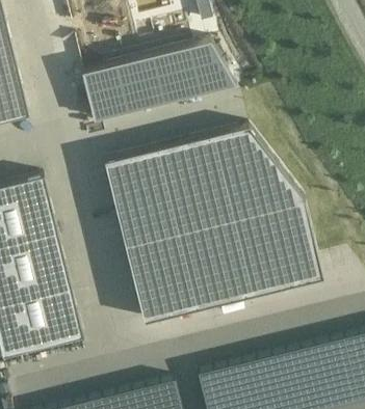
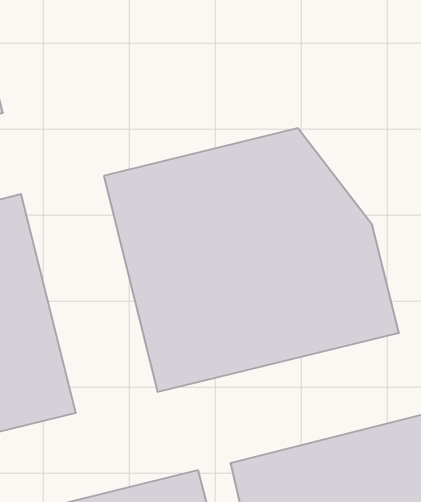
building: [81,42,235,121] -> none

